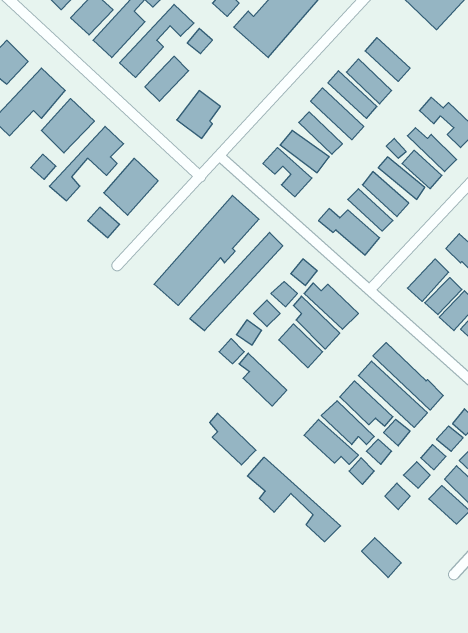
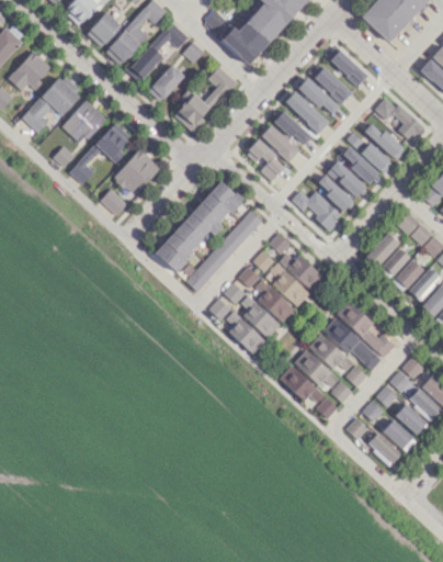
building: none -> [205,66,237,108]
building: [210,413,256,465] -> [241,295,280,338]
building: [247,457,341,542] -> none
building: [362,538,401,578] -> [367,434,400,467]

